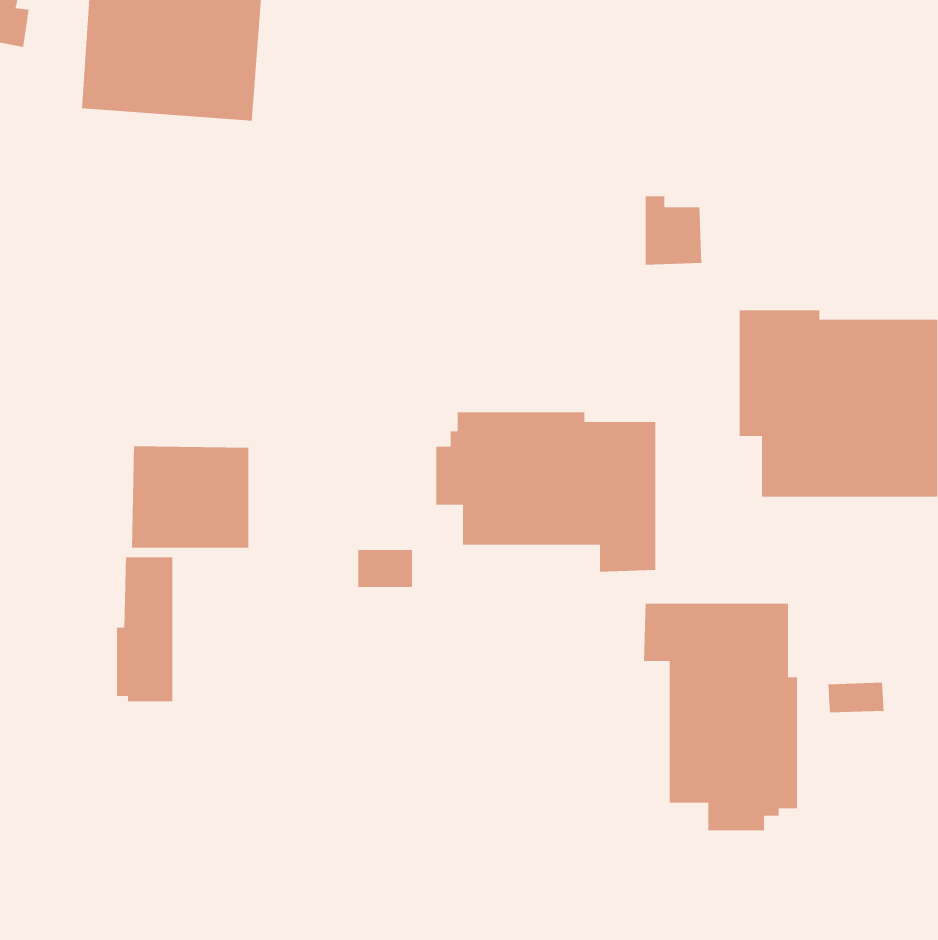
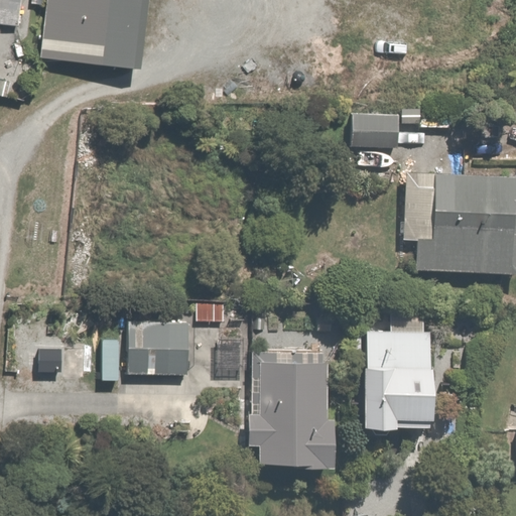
building: [436,411,656,572] -> none
building: [131,445,249,549] -> [126,317,190,374]
building: none -> [249,352,339,472]

